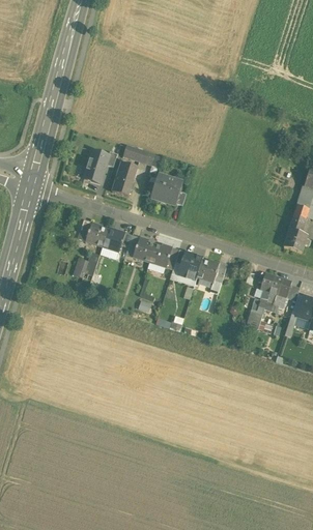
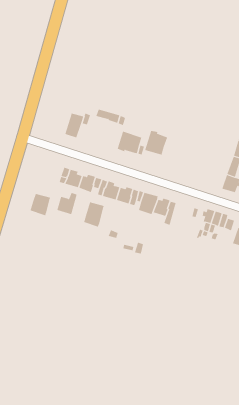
building: [112,161,137,197] -> none
building: none -> [145,130,168,155]
building: none -> [30,193,51,216]
building: none -> [83,201,104,228]

